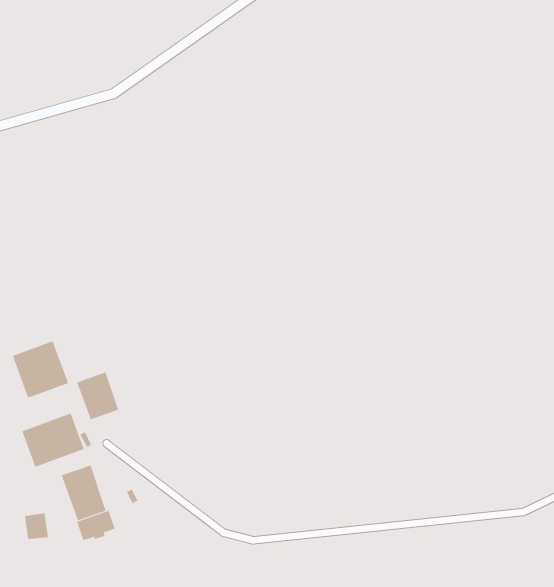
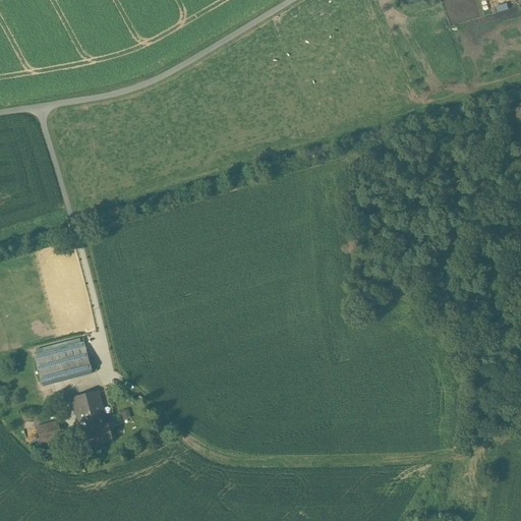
building: [12,341,69,399] -> none
building: [77,372,119,420] -> none

